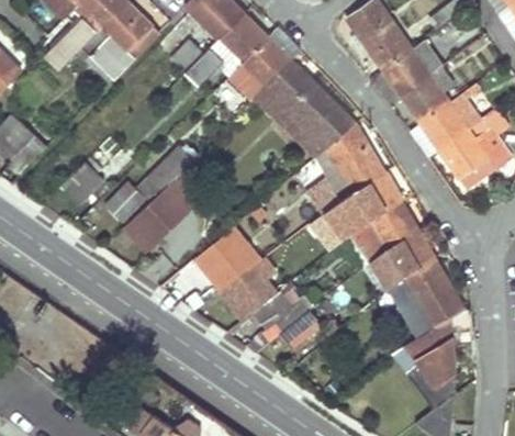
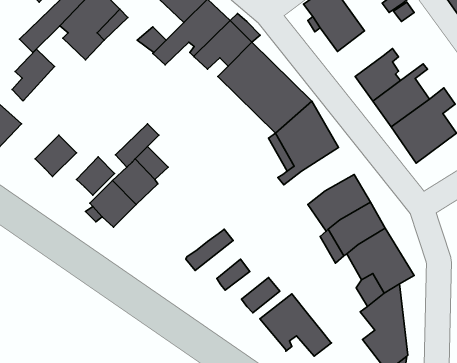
building: [383,40,444,97] -> none
building: none -> [12,49,55,100]
building: [314,172,401,246] -> none
building: [197,226,260,289] -> none
building: none -> [260,294,331,356]

